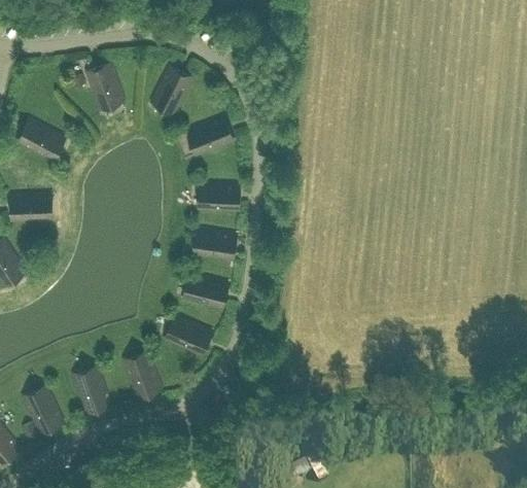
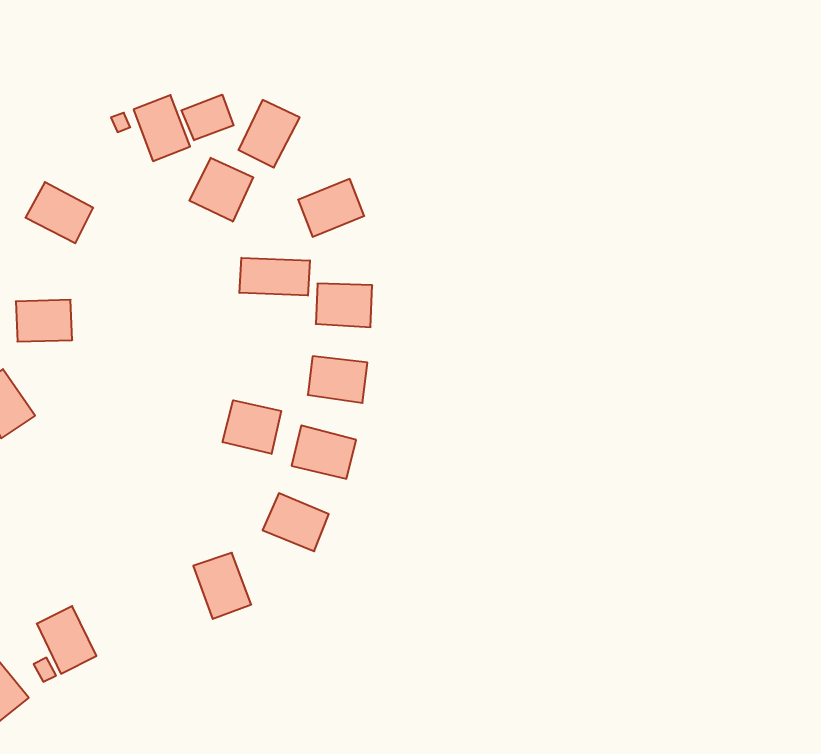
building: none -> [181,95,234,140]
building: none -> [189,158,253,222]
building: none -> [239,258,310,296]
building: none -> [223,400,281,454]
building: [74,372,111,414] -> none

